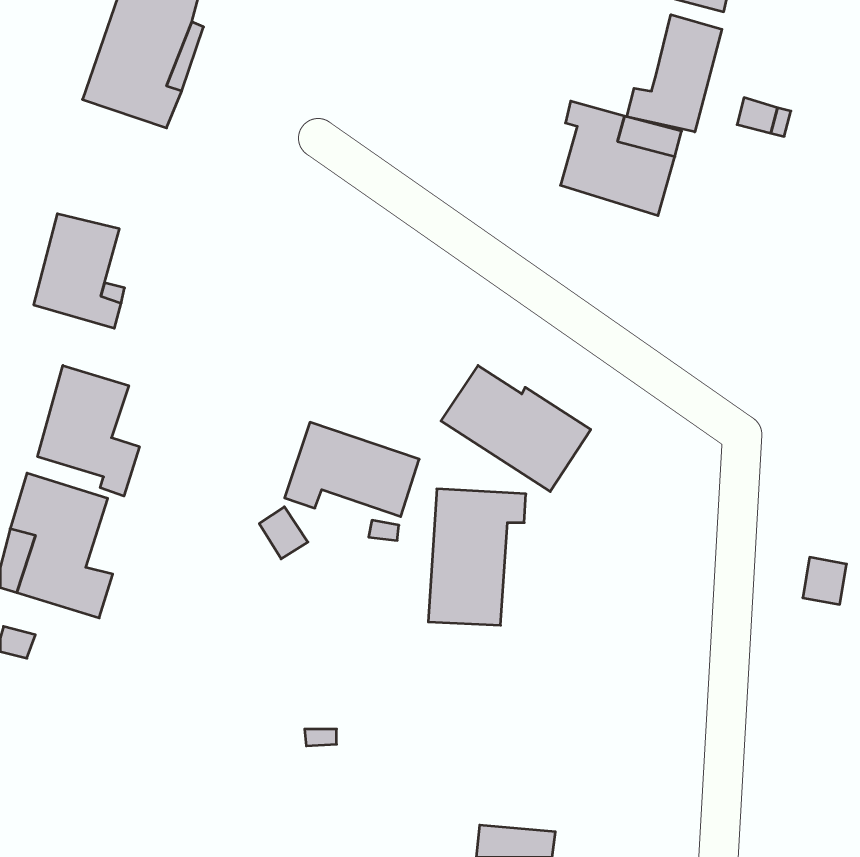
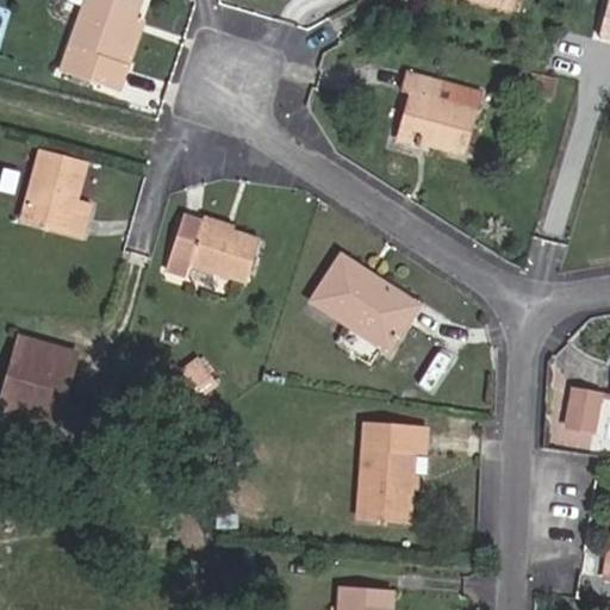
building: [627,15,722,132] -> none
building: [38,365,139,496] -> none
building: [285,422,419,517] -> [164,213,260,280]
building: [428,489,526,625] -> [359,424,428,521]

